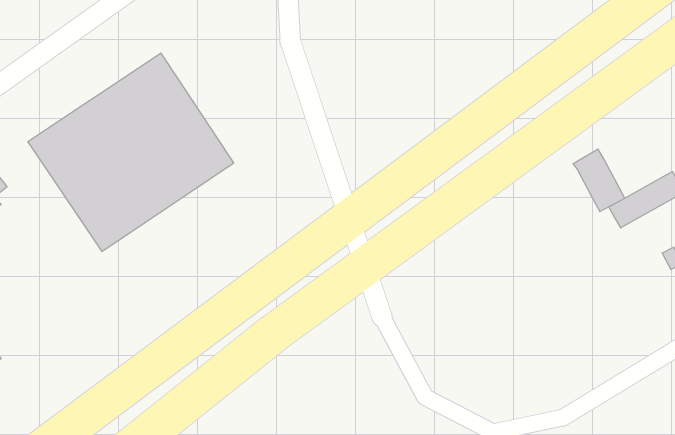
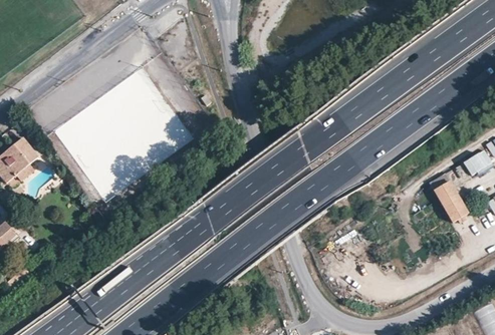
building: [573,149,625,211] -> [434,180,469,222]

